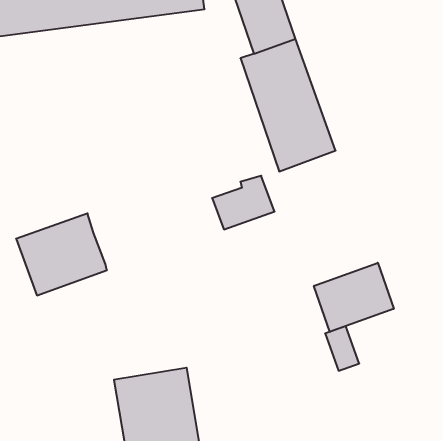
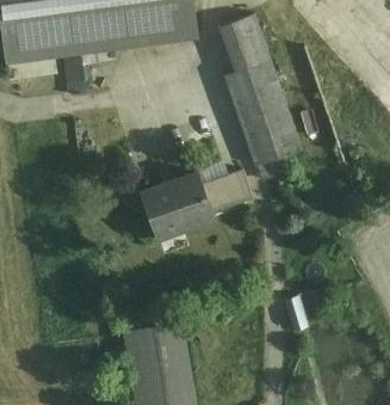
building: [16,213,107,295] -> [140,171,212,237]
building: [314,263,394,332] -> none

